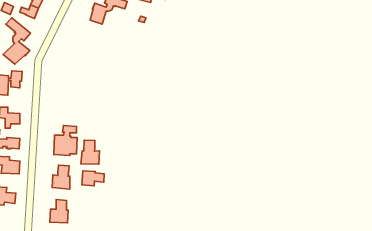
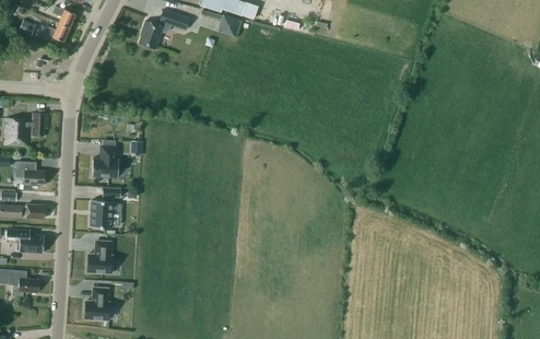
building: [3,18,30,64] -> none
building: none -> [92,147,118,177]
building: [81,140,99,164] -> none
building: [82,171,104,186] -> none

